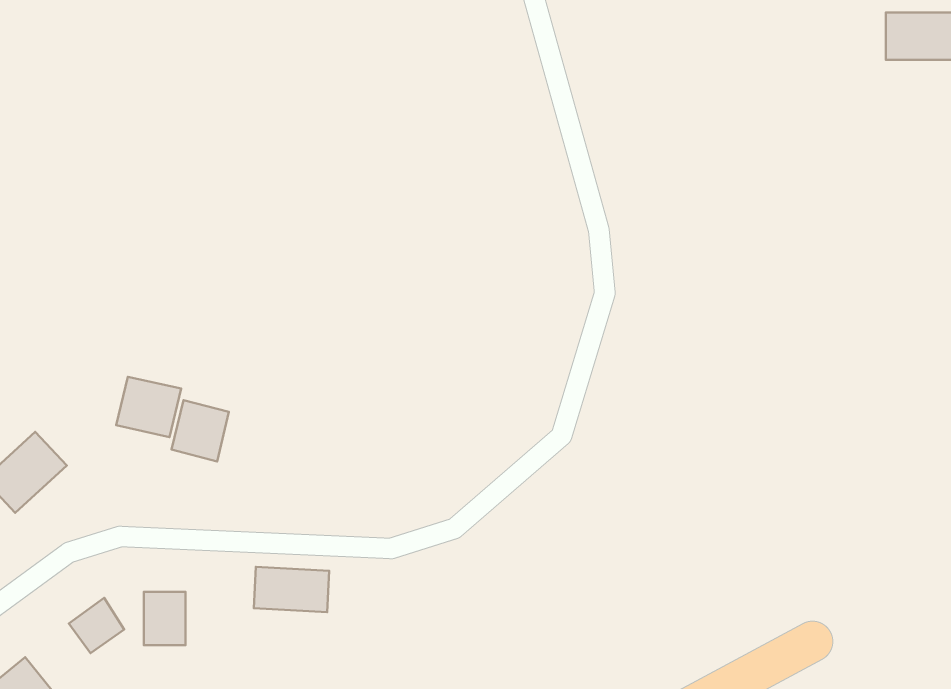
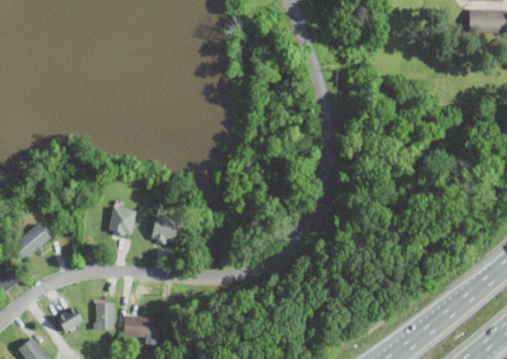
building: [116,377,181,437] -> none
building: none -> [150,214,178,244]
building: [254,567,329,612] -> [123,315,161,338]

